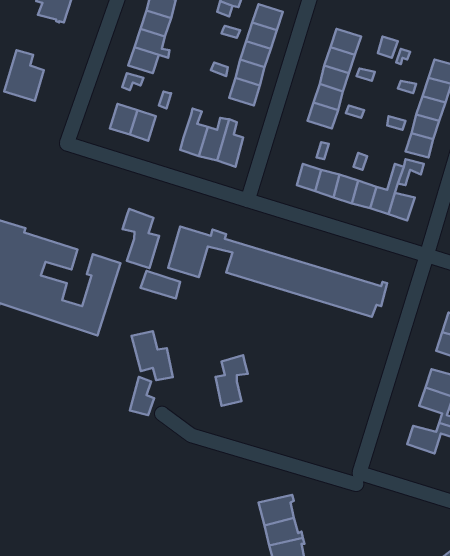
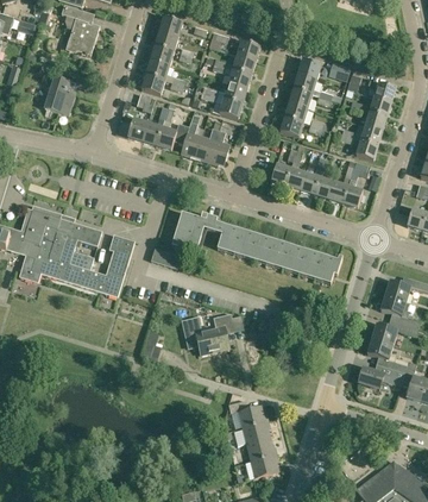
building: none -> [156,123,189,150]
building: [122,209,159,268] -> none
building: [132,331,173,380] -> [181,315,213,353]
building: none -> [227,399,268,426]

